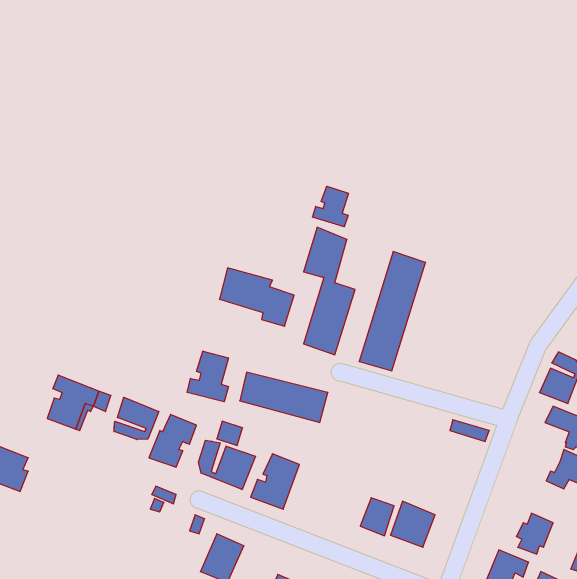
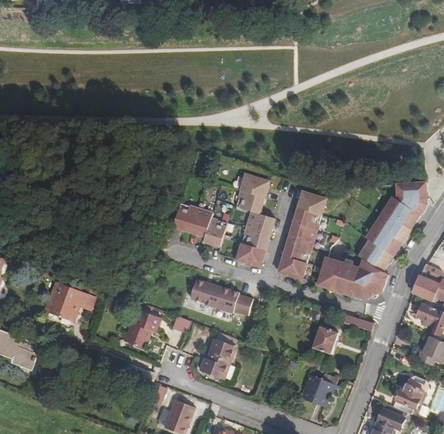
building: [313,186,349,227] -> none
building: none -> [318,183,427,298]
building: [187,351,228,402] -> none
building: [114,397,159,440] -> none
building: [198,440,256,490] -> none
building: [360,498,394,536] -> [312,325,337,353]

